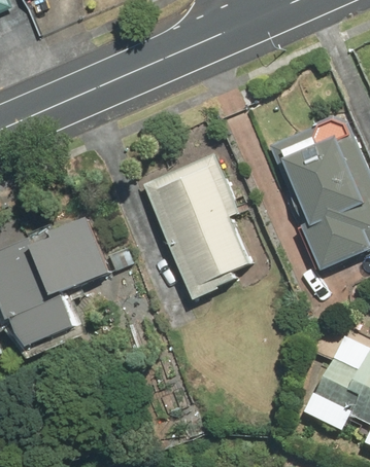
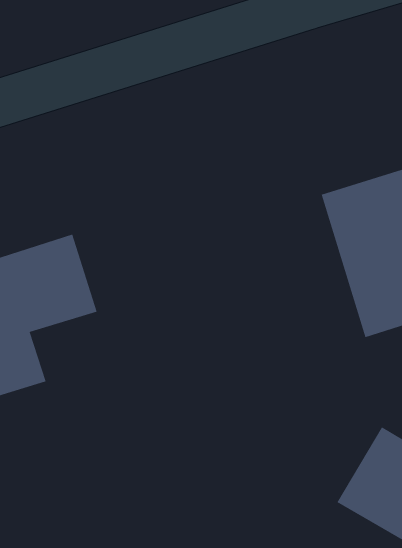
building: [140,154,253,299] -> none

